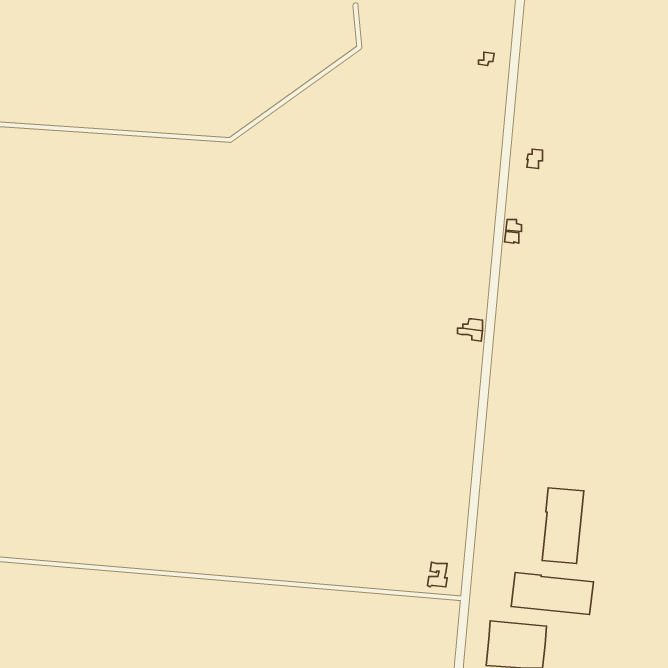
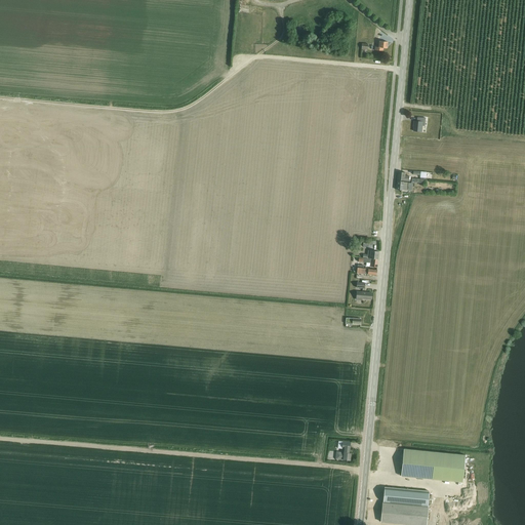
building: [542,488,584,563] -> none

